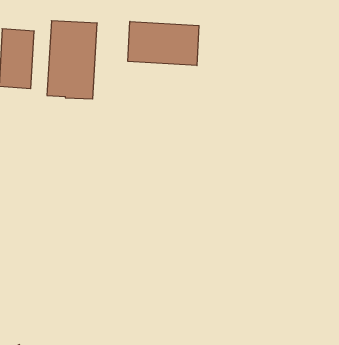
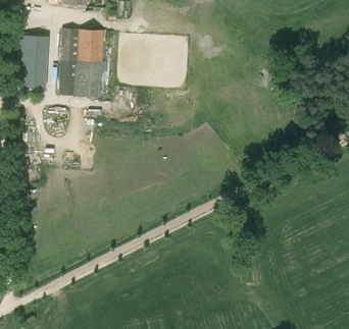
building: [128,21,199,66] -> none

